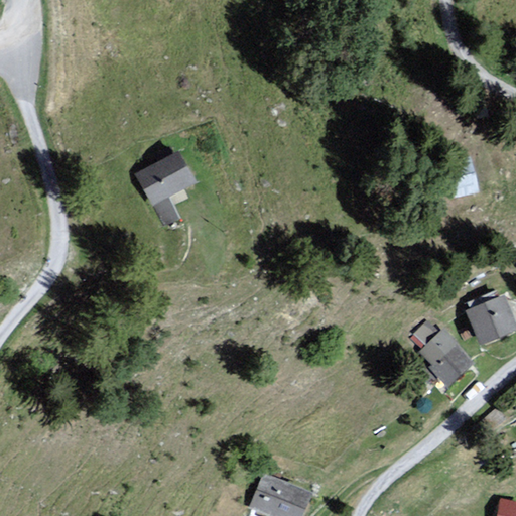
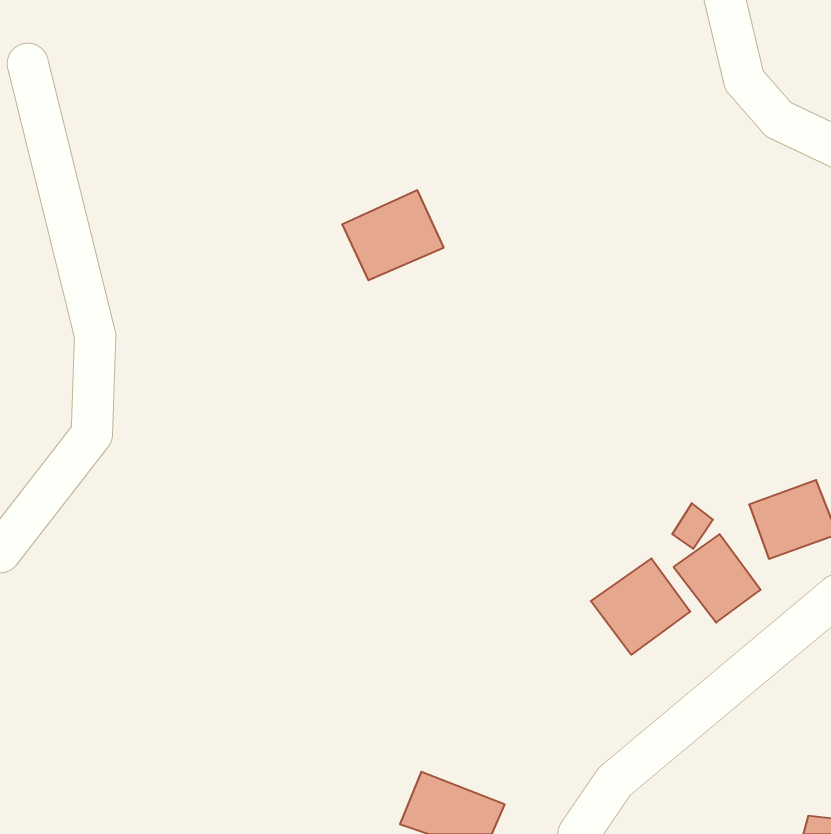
building: [132,153,195,209] -> [342,190,444,280]
building: none -> [591,558,690,655]

